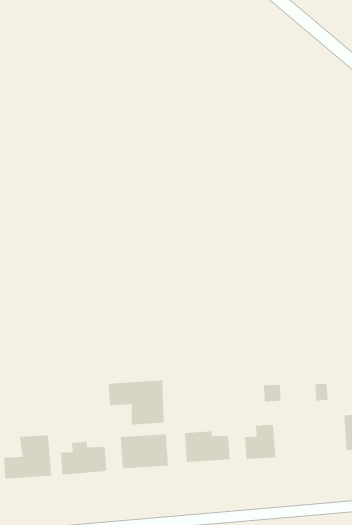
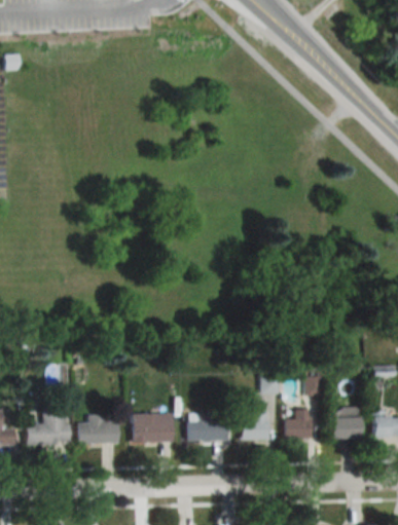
building: [108,379,165,426] -> none
building: none -> [285,409,311,439]

